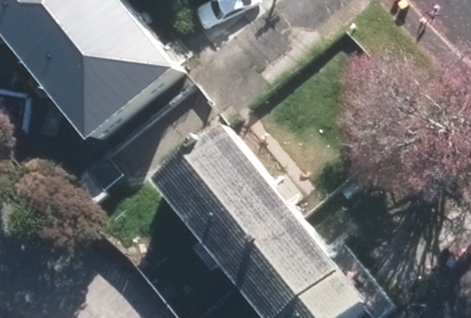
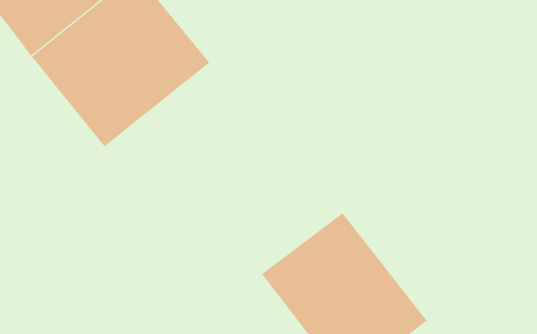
building: [161,122,298,262] -> none

